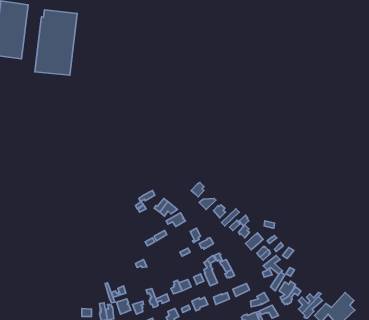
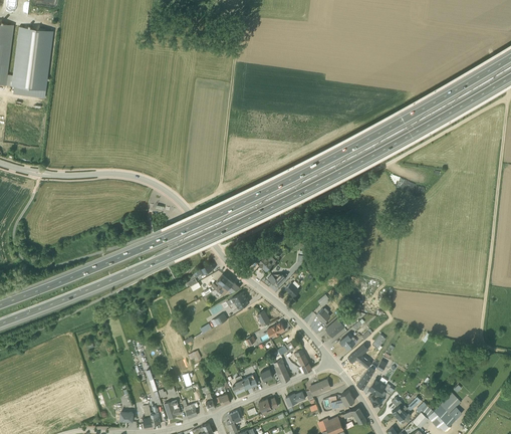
building: [35,10,77,75] -> none

